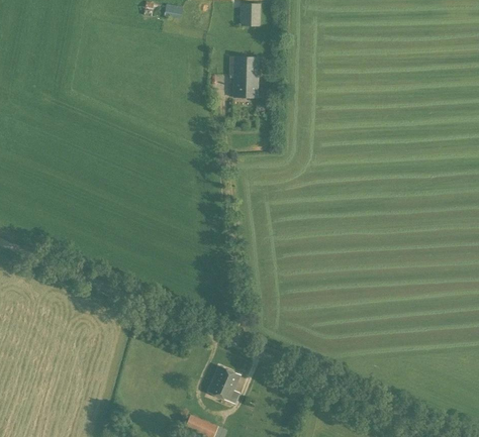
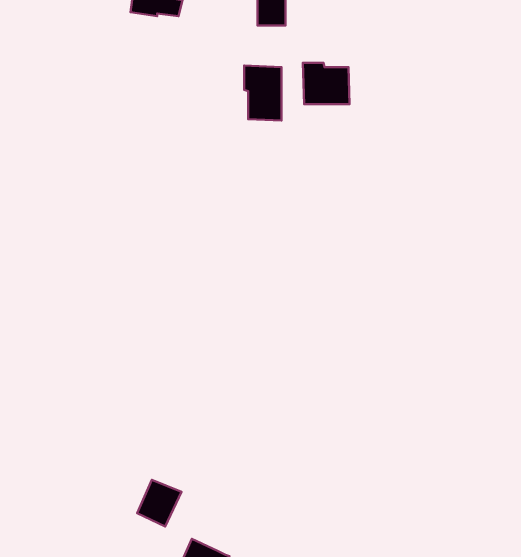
building: none -> [303,63,350,104]
building: [208,365,242,401] -> [137,480,181,526]

